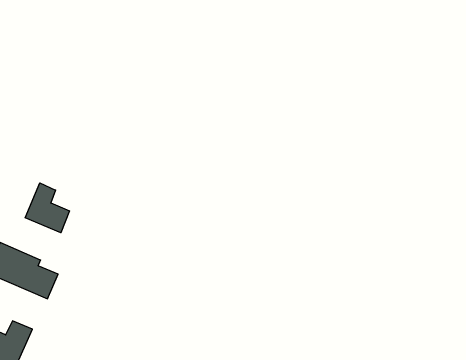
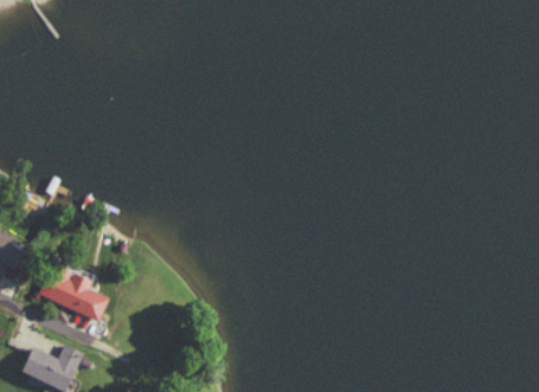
building: [25,183,70,233] -> none

